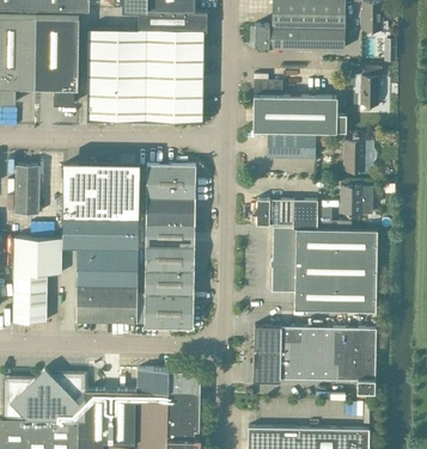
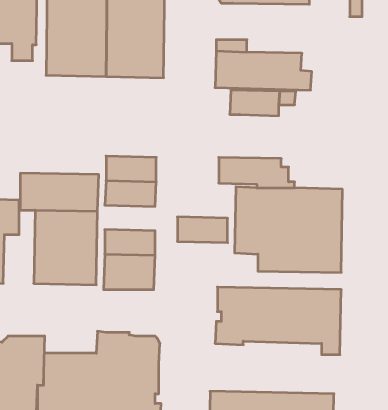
building: [360,67,382,106] -> none
building: [343,141,371,172] -> none
building: [63,160,140,215] -> none
building: [146,165,196,199] -> none
building: [340,186,361,216] -> none
building: [145,246,194,271] -> [177,217,228,243]

